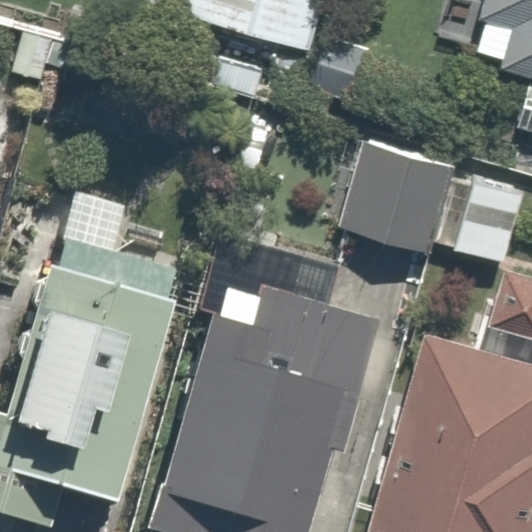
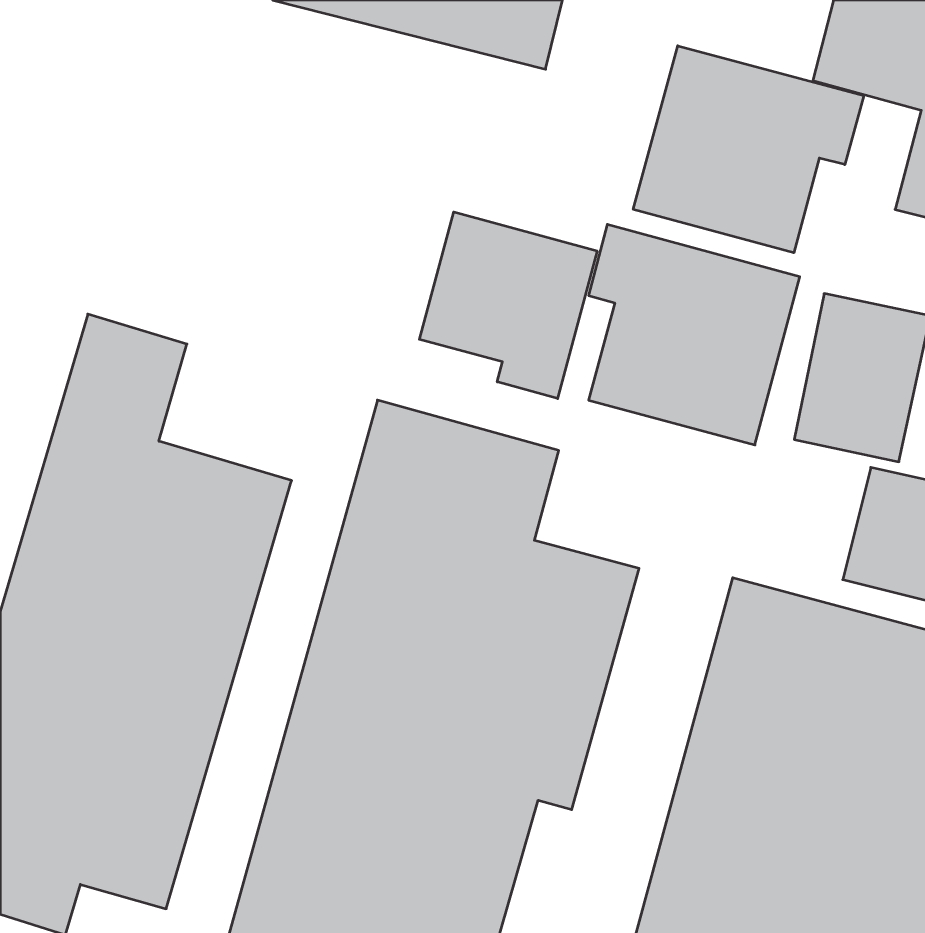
building: none -> [633,46,864,253]
building: none -> [419,212,597,399]

